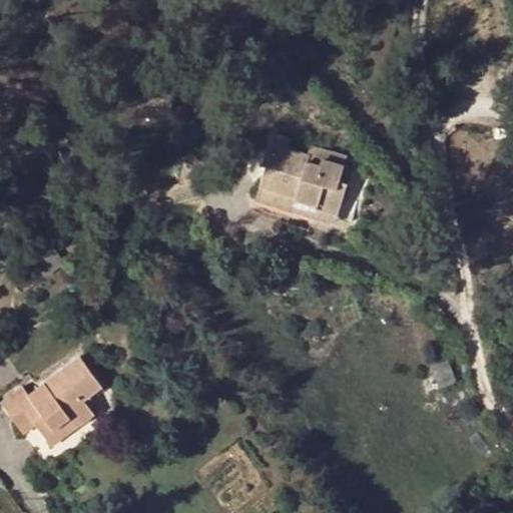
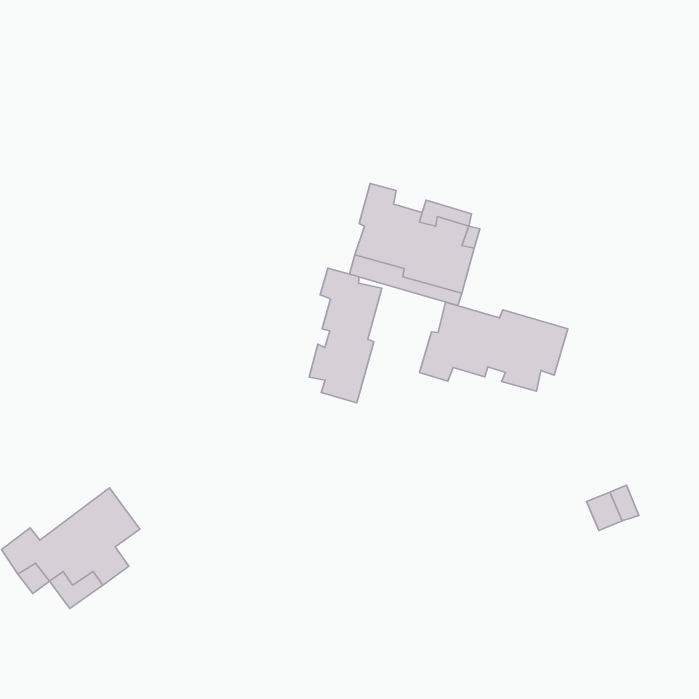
building: none -> [309,268,382,403]
building: none -> [420,302,568,391]

